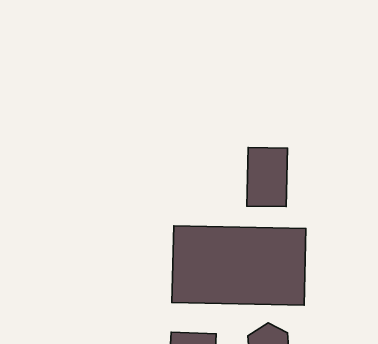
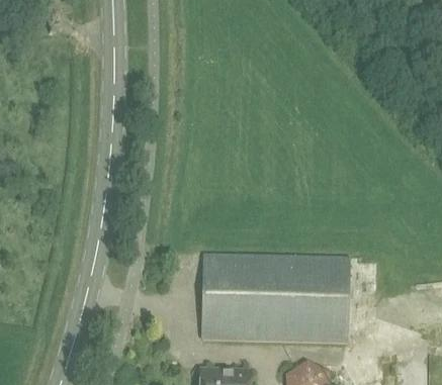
building: [247,148,287,207] -> none

